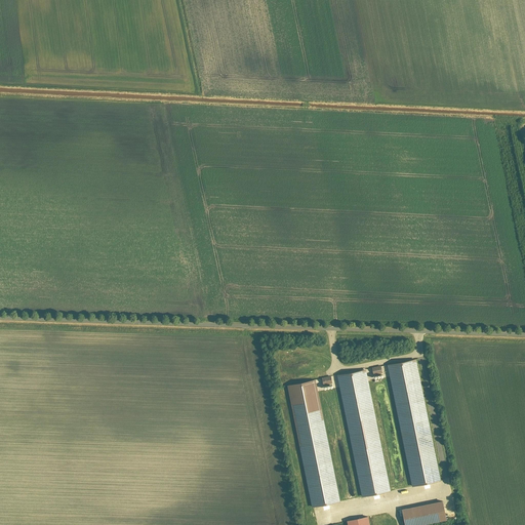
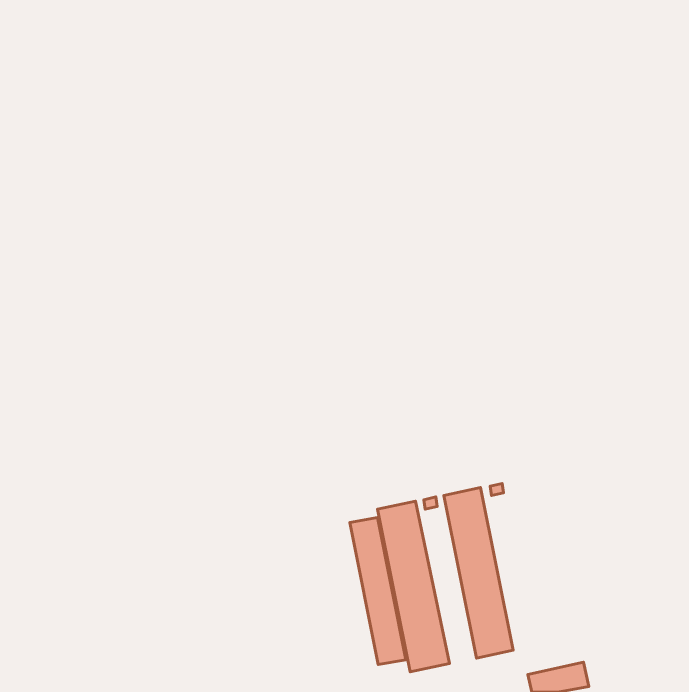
building: [387,359,440,488] -> none
building: none -> [350,518,406,665]

